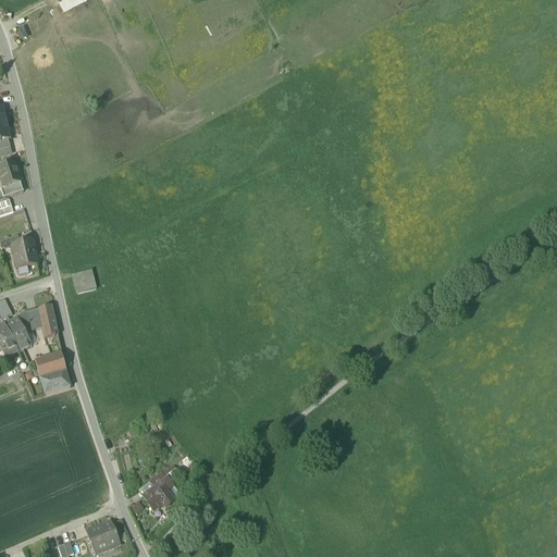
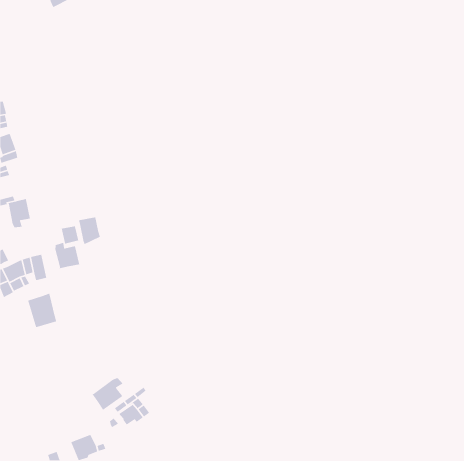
building: none -> [78,216,101,245]
building: none -> [55,242,80,269]
building: none -> [91,377,124,411]

